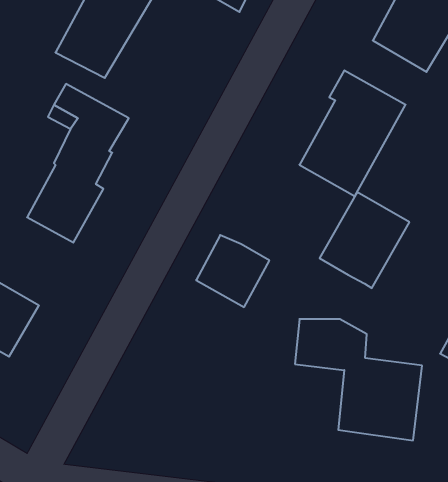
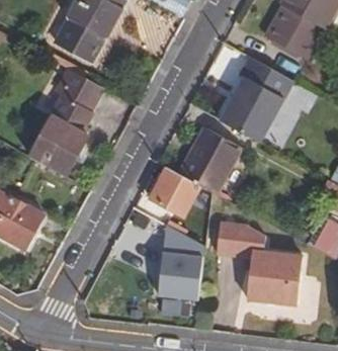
building: [320,192,409,288] -> [180,129,241,194]
building: none -> [157,225,203,301]

